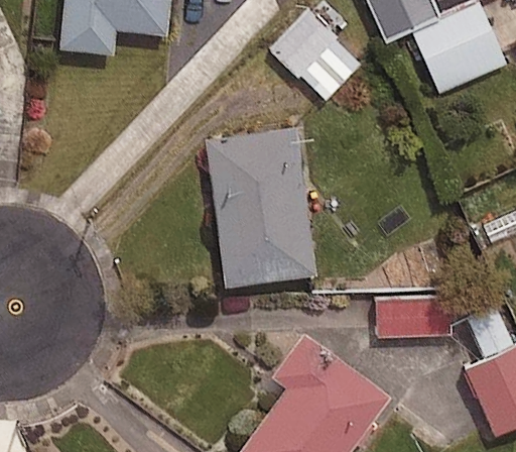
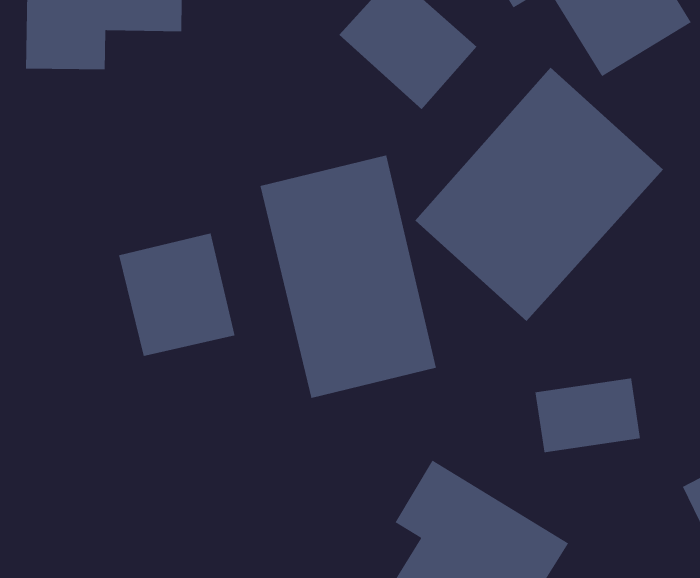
building: none -> [414,67,664,322]
building: none -> [118,232,235,357]

